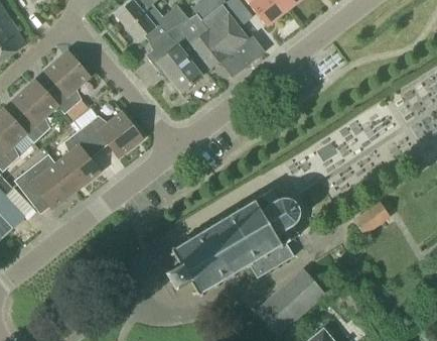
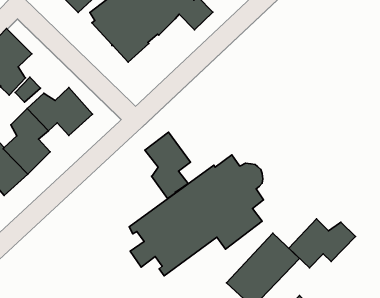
building: none -> [145,132,190,199]
building: [352,200,390,234] -> none
building: none -> [289,219,356,268]

